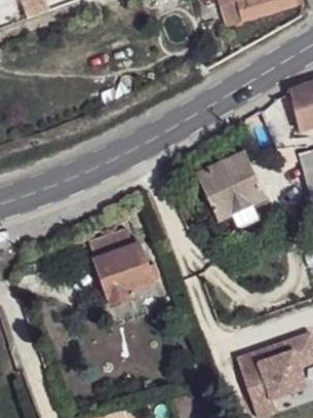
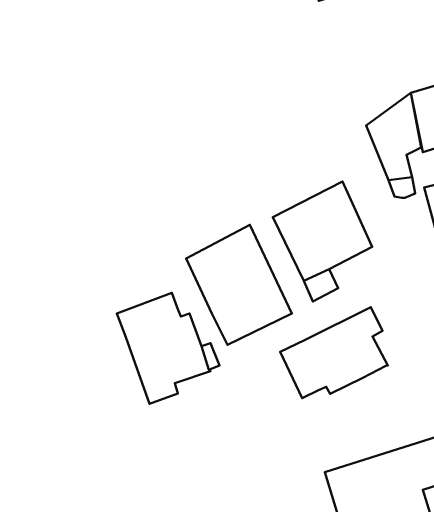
building: none -> [186,225,292,345]
building: none -> [280,307,388,398]

